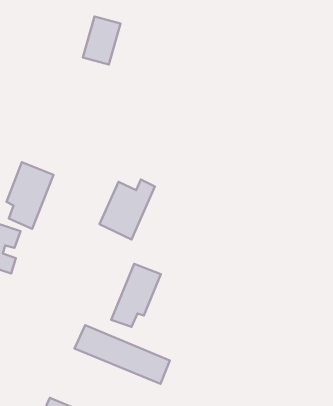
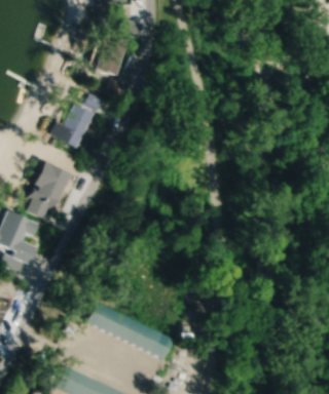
building: [100,179,155,239] -> [50,96,99,149]
building: [111,264,161,327] -> none

